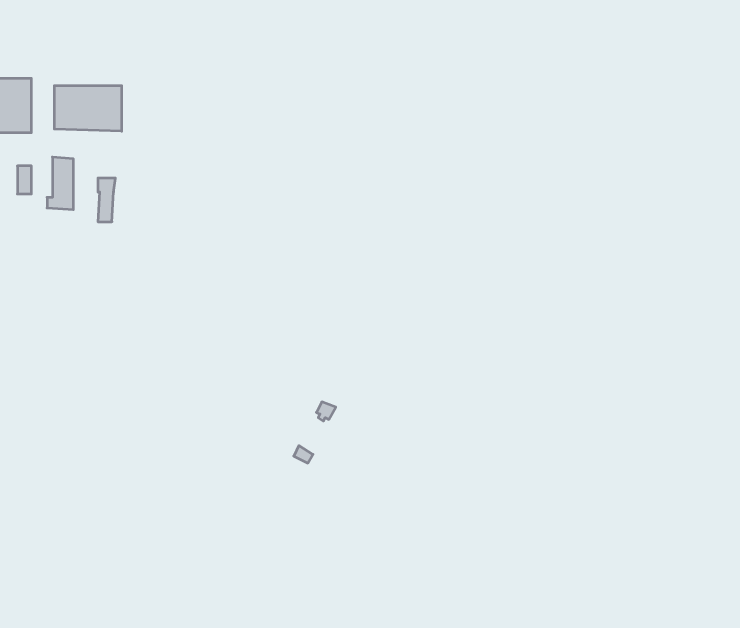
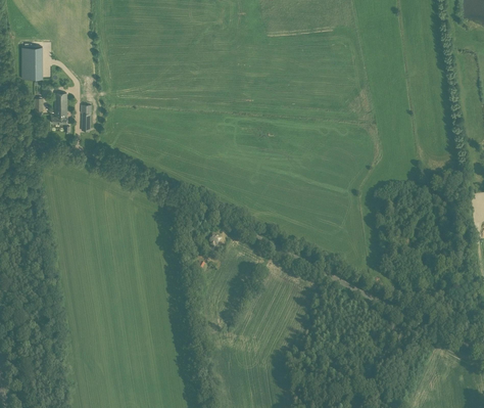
building: [54,86,122,131] -> none

